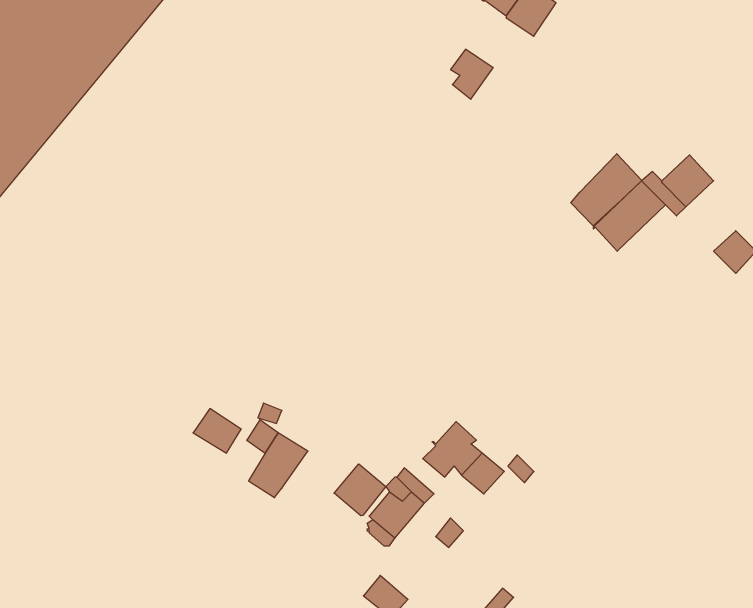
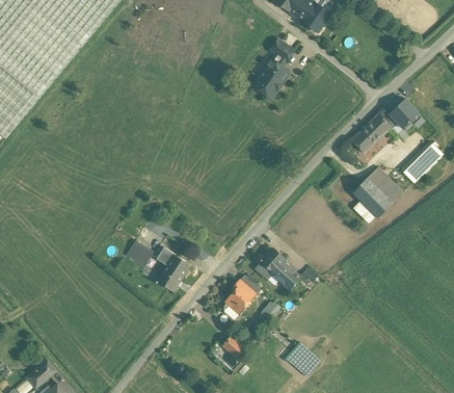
building: none -> [252,58,289,98]
building: [571,154,642,226] -> none
building: none -> [400,152,430,182]
building: none -> [351,166,403,217]
building: [334,464,386,516] -> none

